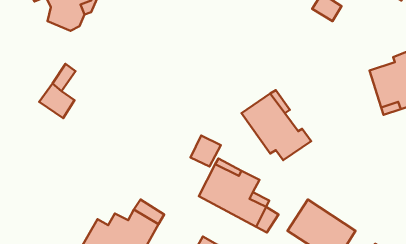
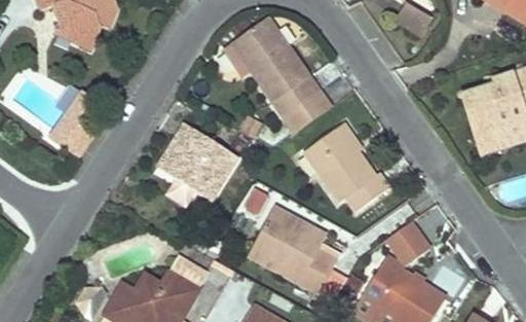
building: none -> [218,15,332,130]
building: none -> [162,124,237,199]
building: none -> [387,221,429,265]

